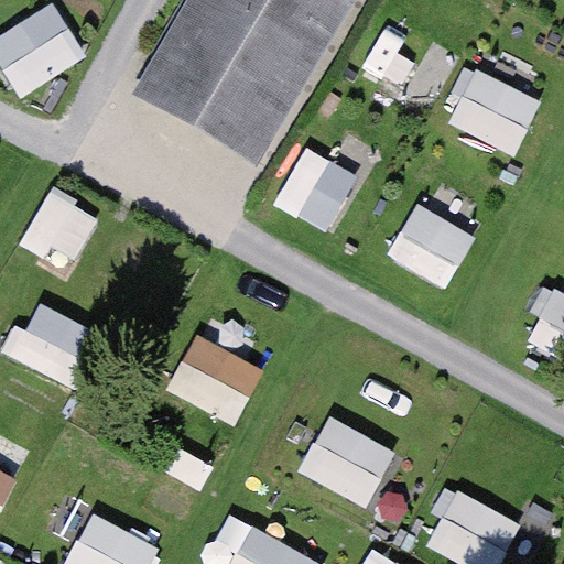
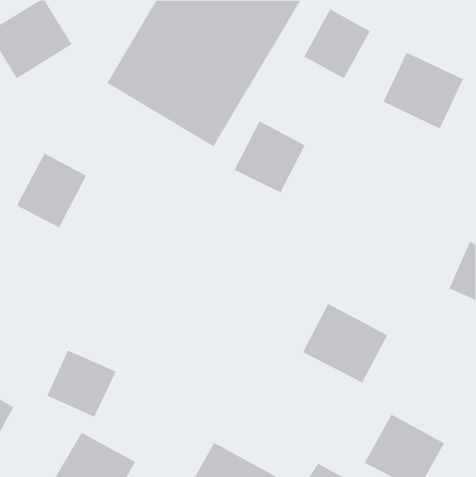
building: [386,199,476,289] -> none
building: [7,303,88,382] -> [47,350,116,418]
building: [165,332,265,426] -> none
building: [296,414,397,508] -> [302,303,388,383]

